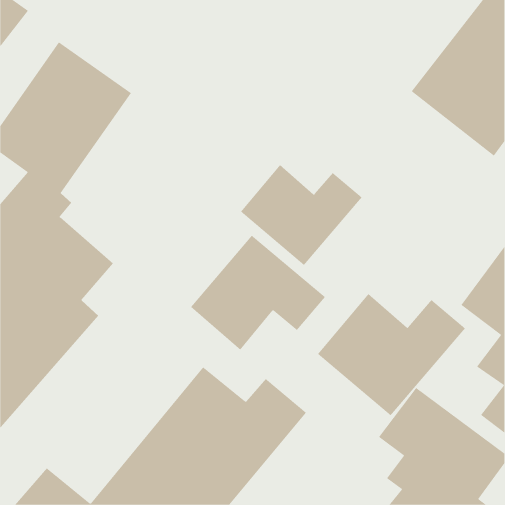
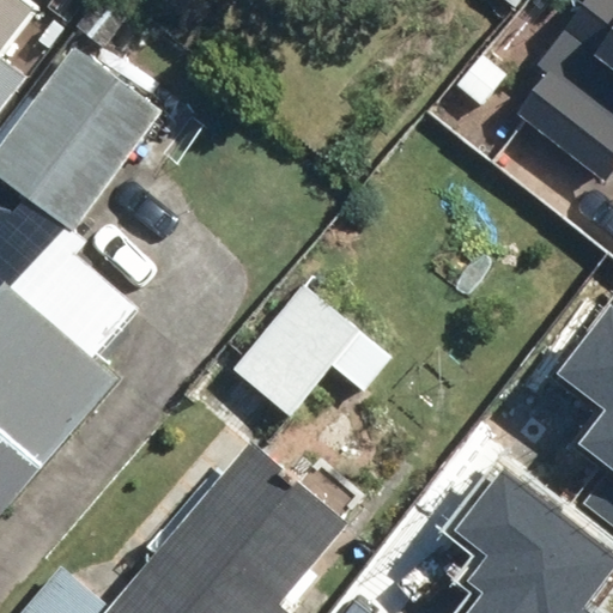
building: [240,164,363,266] -> none
building: [317,293,466,416] -> none

